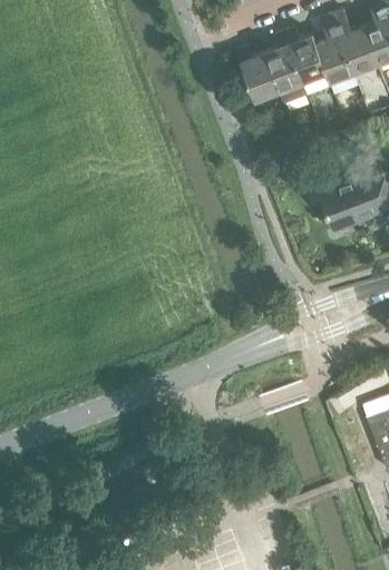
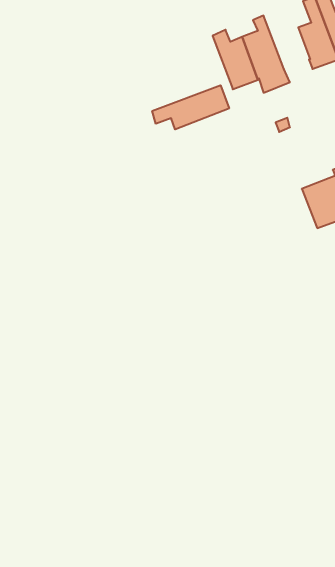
building: [284,28,328,82] -> none
building: none -> [152,85,229,129]

